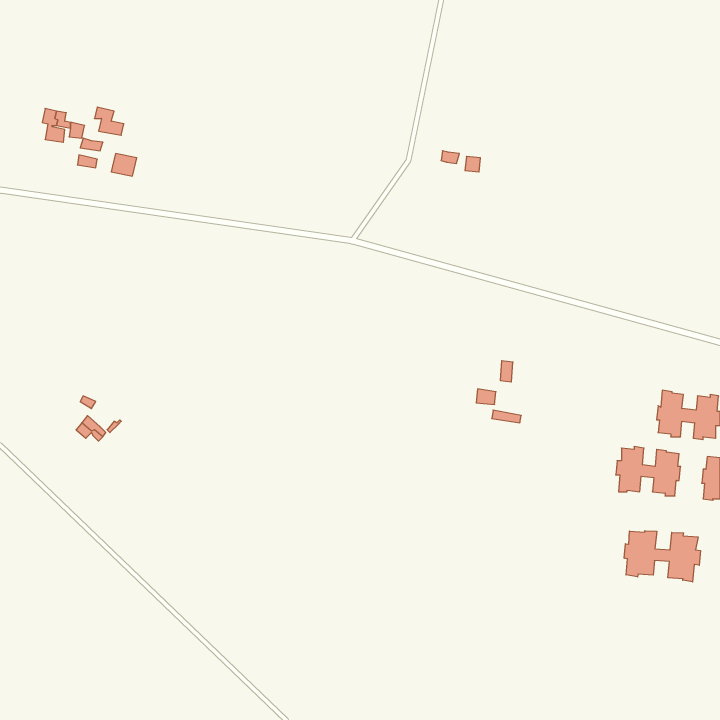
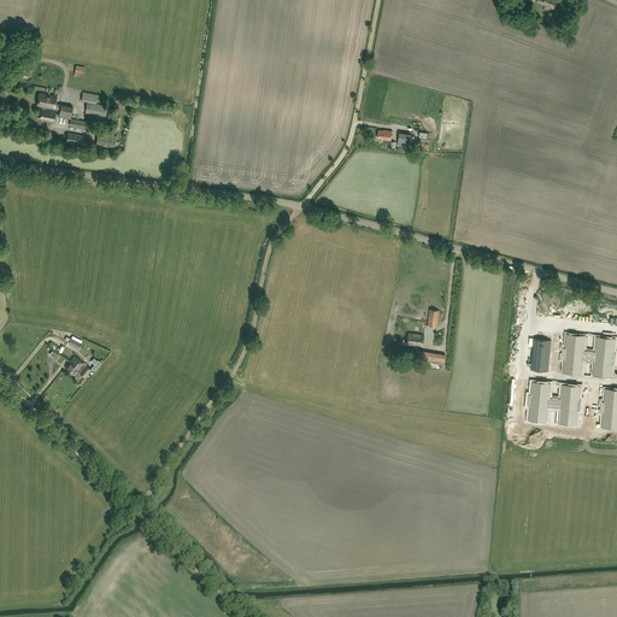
building: none -> [531,339,556,371]
building: [624,531,700,582] -> none

